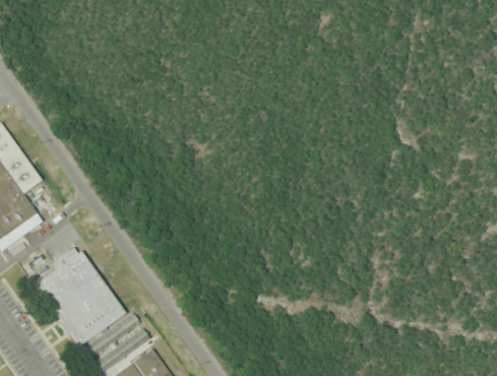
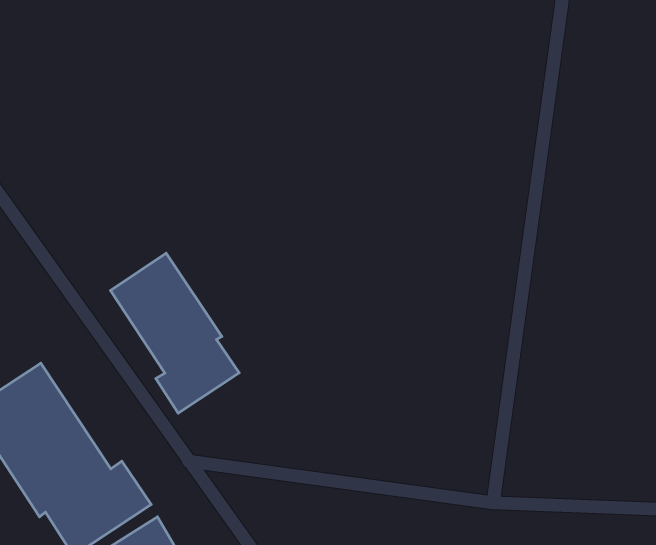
building: none -> [110,253,239,413]

